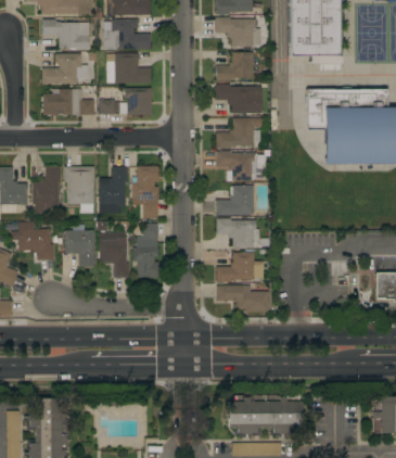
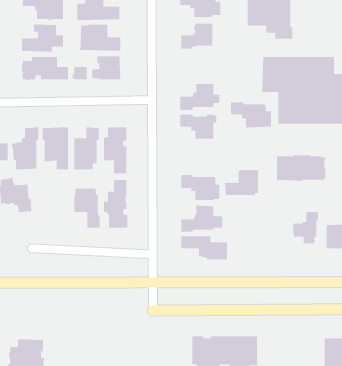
building: [216,85,261,114] -> [230,101,272,128]
building: [216,186,254,215] -> [224,169,259,196]
building: none -> [276,154,326,181]
building: [65,226,95,267] -> none
building: none -> [292,211,319,244]

